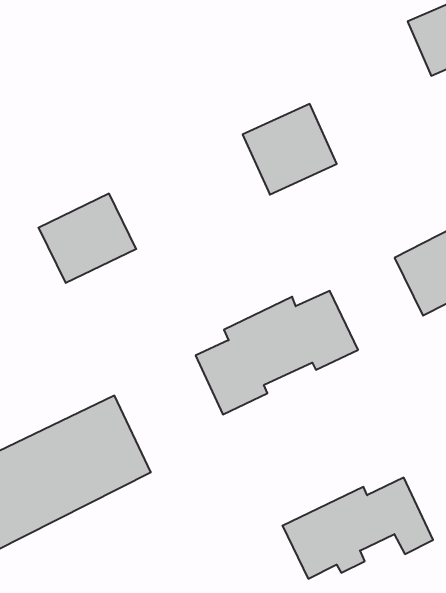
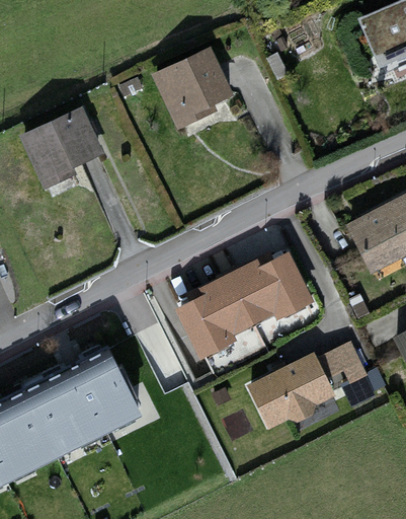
building: [243,104,337,195] -> [154,51,235,129]
building: [38,194,136,283] -> [21,106,105,183]
building: [282,478,433,579] -> [245,343,375,430]

